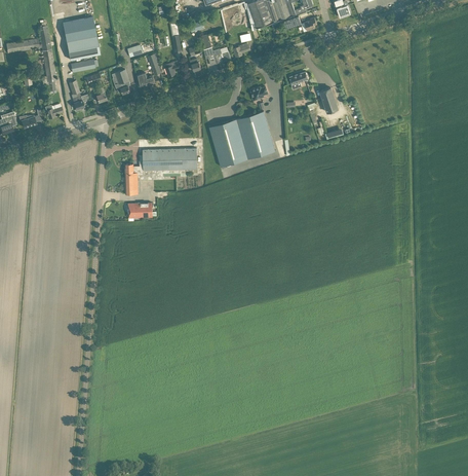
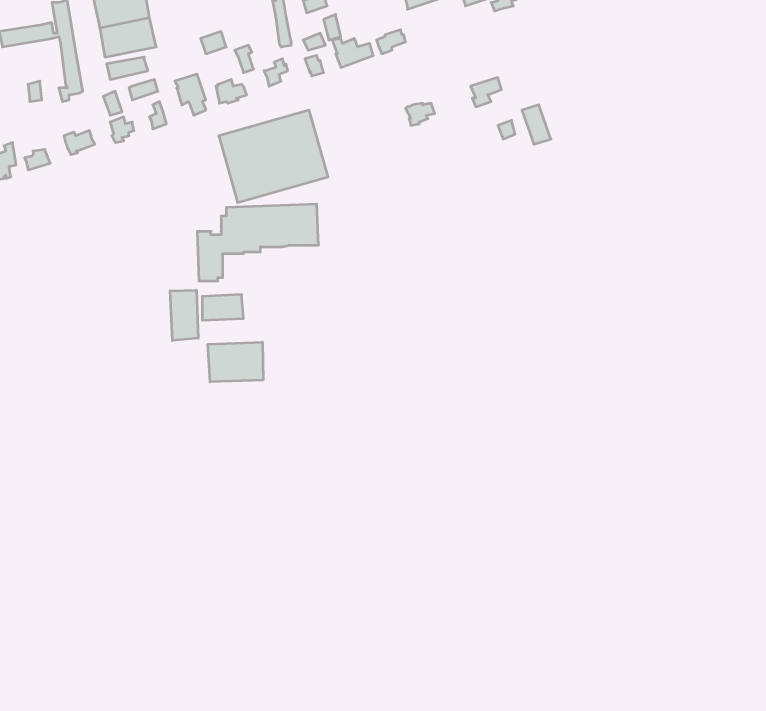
building: [208,110,274,166] -> [219,110,328,202]
building: none -> [170,290,198,341]
building: none -> [208,342,263,382]

